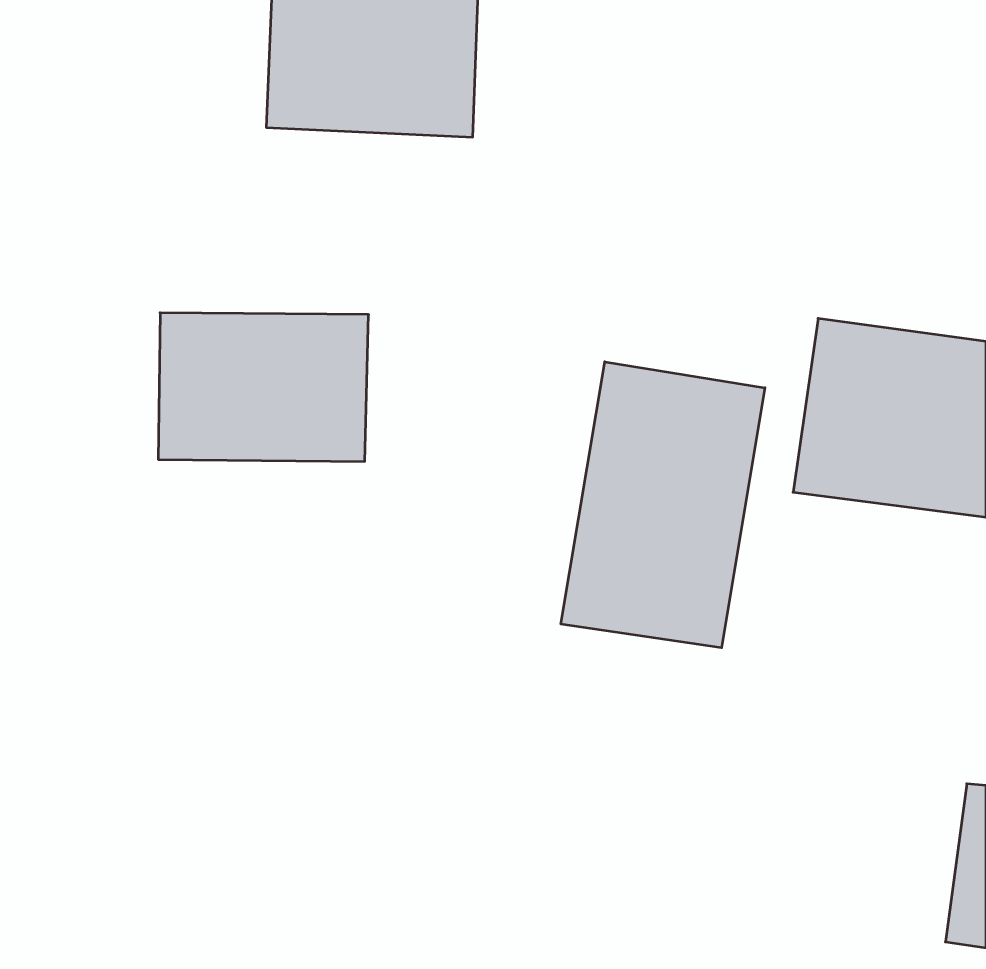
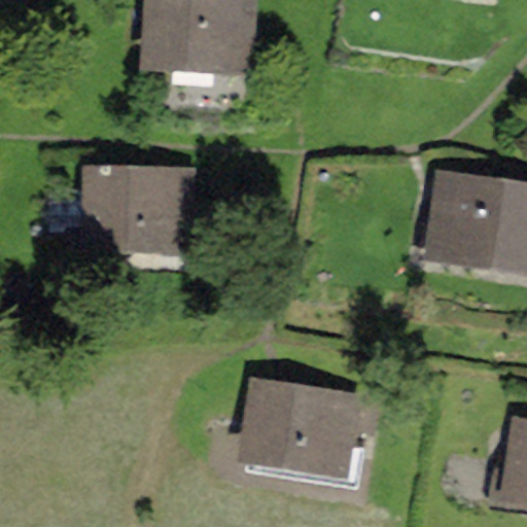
building: [561,362,765,648] -> none
building: none -> [235,375,382,484]

